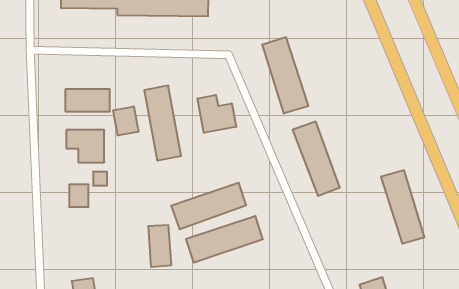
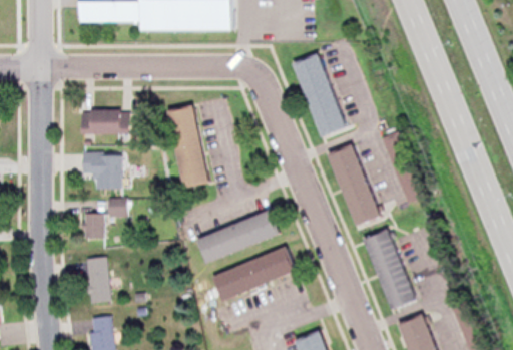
building: [198,95,236,133] -> none
building: [113,106,138,136] -> none
building: [381,170,425,244] -> [365,230,412,309]
building: [148,225,171,267] -> [87,258,112,303]

